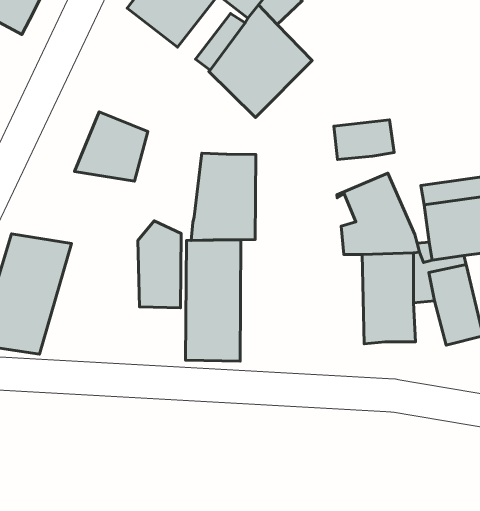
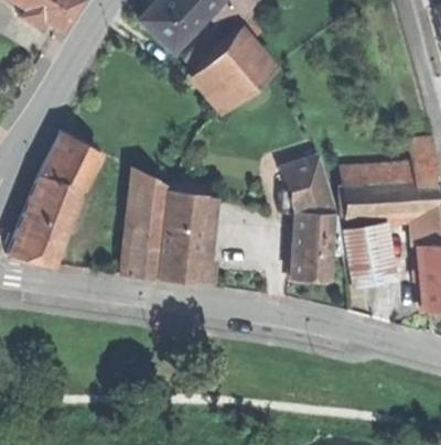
building: [74,112,148,181] -> [41,133,97,186]
building: [334,120,394,159] -> none
building: [191,153,256,240] -> none
building: none -> [123,237,159,279]

